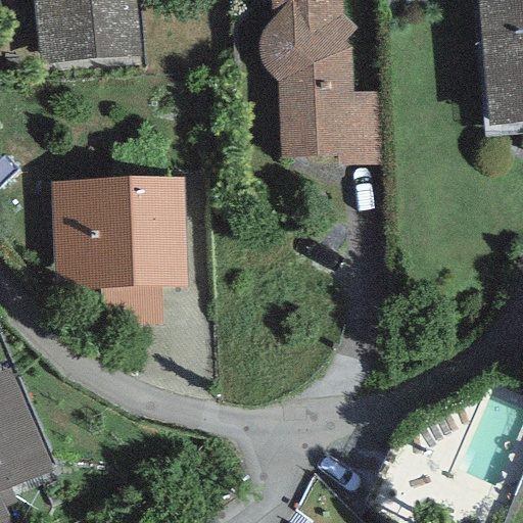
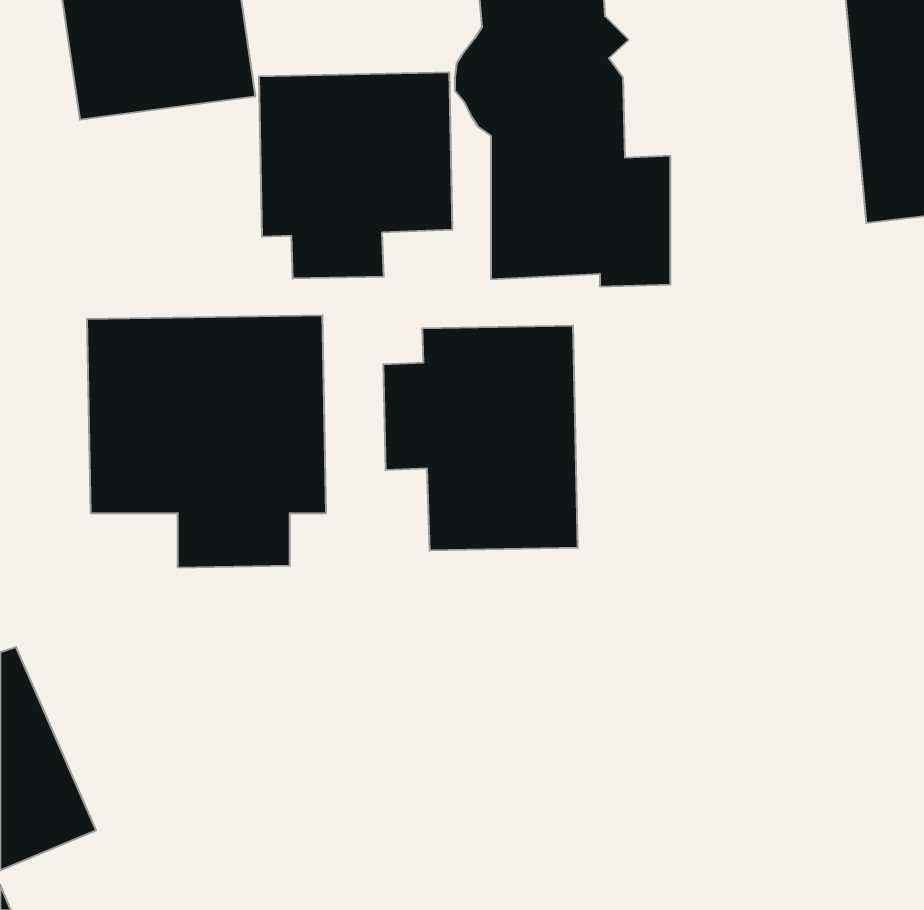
building: none -> [259,72,452,279]
building: none -> [384,325,577,551]

